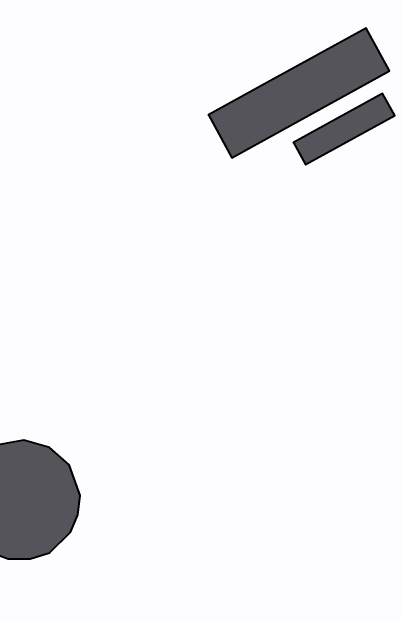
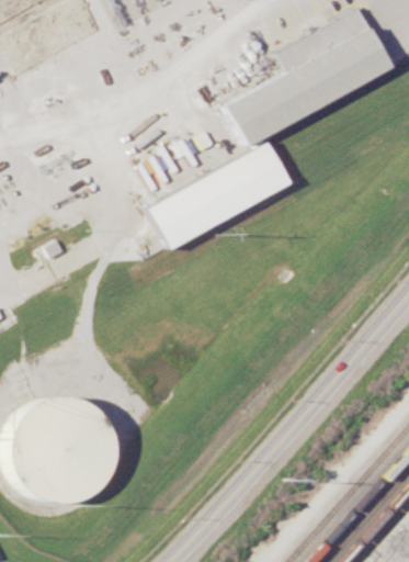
building: [293,94,395,165] -> [281,9,372,72]
building: none -> [150,142,294,250]

